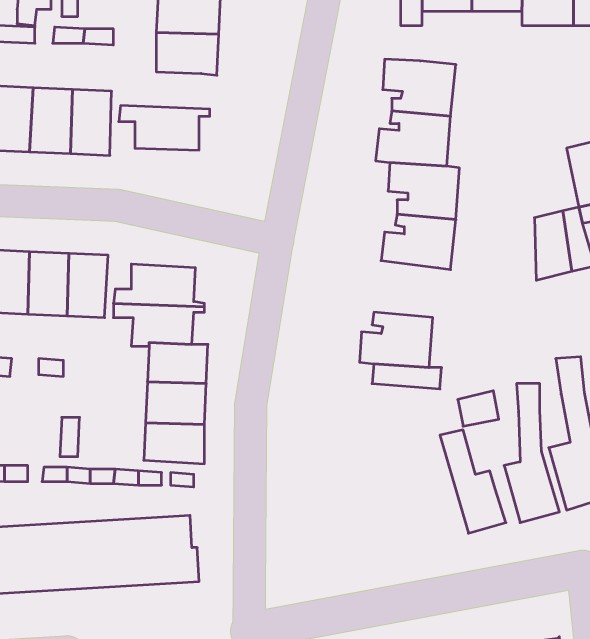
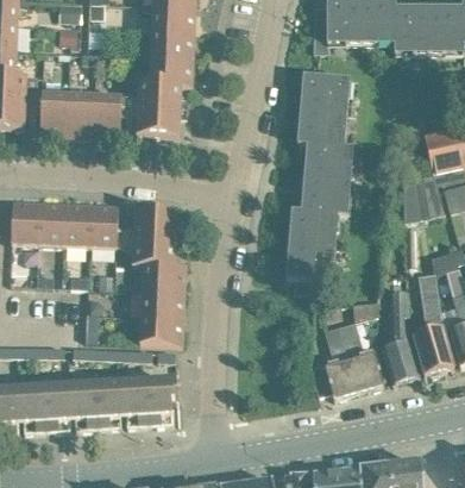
building: none -> [127,77,187,106]
building: none -> [290,207,339,245]
building: none -> [310,324,359,396]

